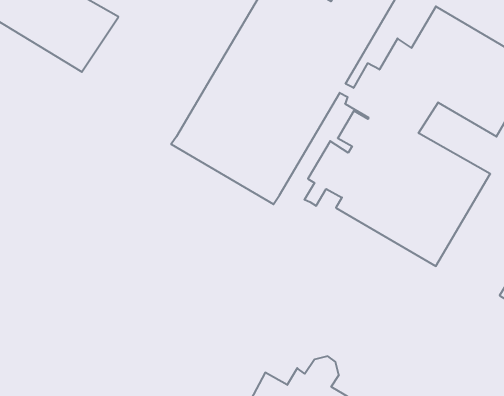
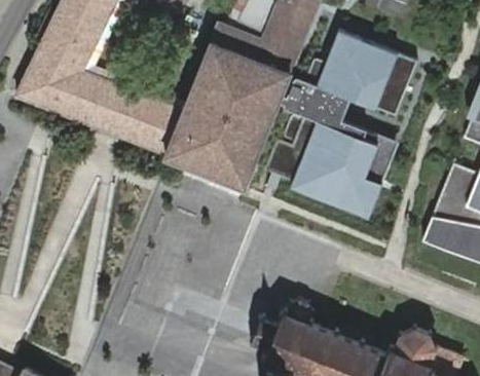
building: none -> [91,80,185,159]

